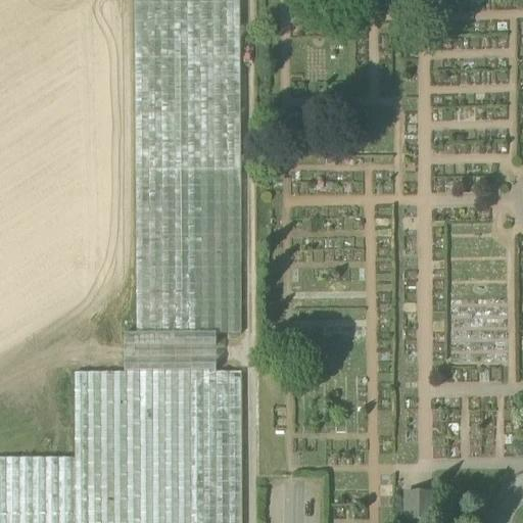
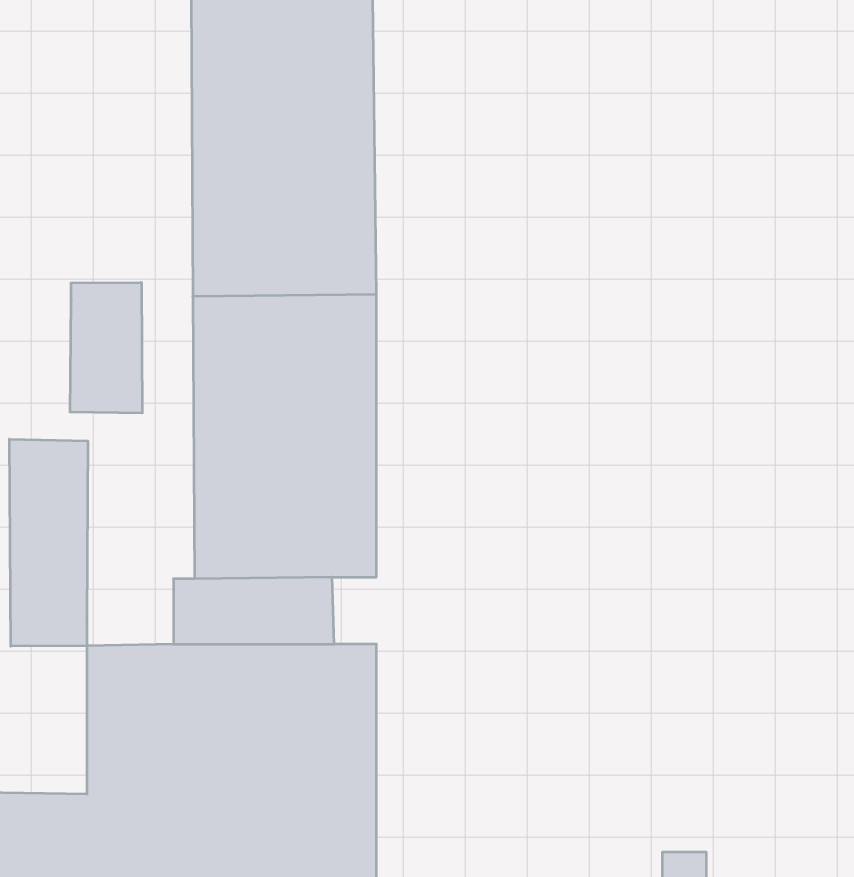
building: none -> [70,282,142,413]
building: none -> [9,439,88,646]

